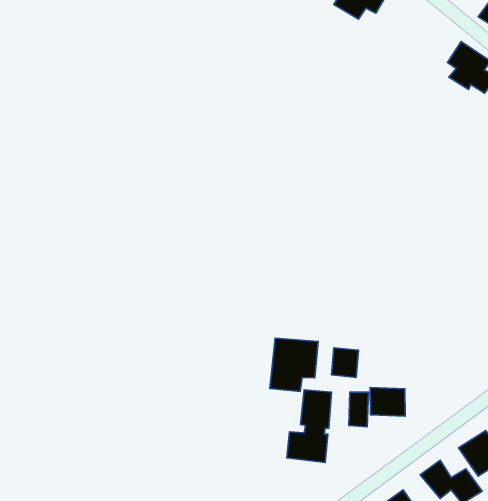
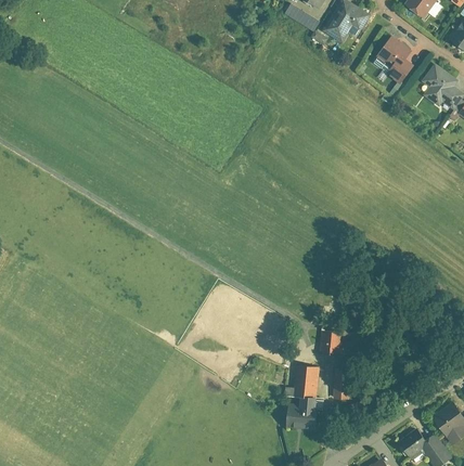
building: none -> [374,35,412,82]
building: [270,338,318,391] -> none
building: [370,388,405,416] -> none

